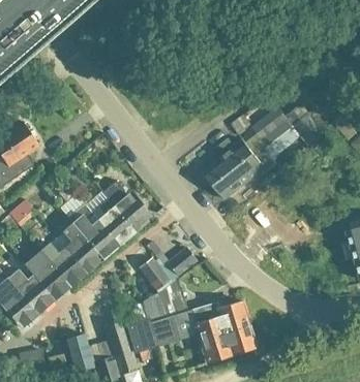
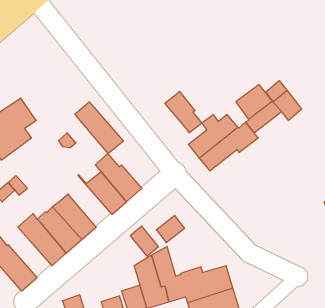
building: none -> [165,91,202,133]
building: [68,204,120,259] -> [75,102,123,153]
building: [9,269,56,313] -> none

